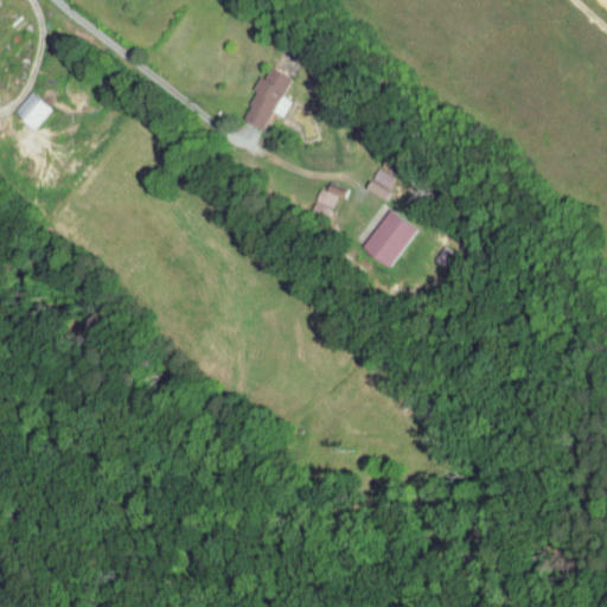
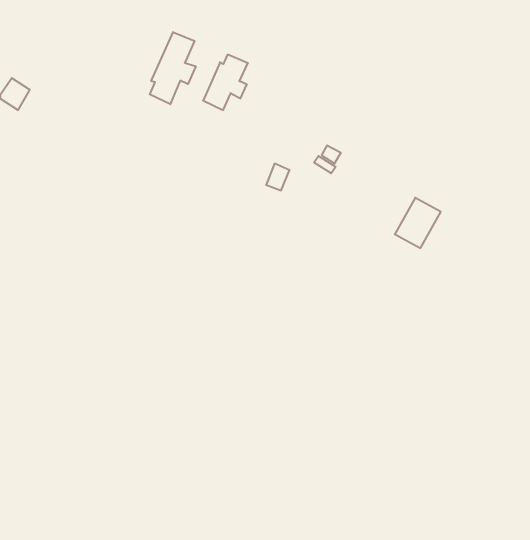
building: none -> [150,32,196,104]
building: [364,211,415,267] -> [395,198,441,248]

